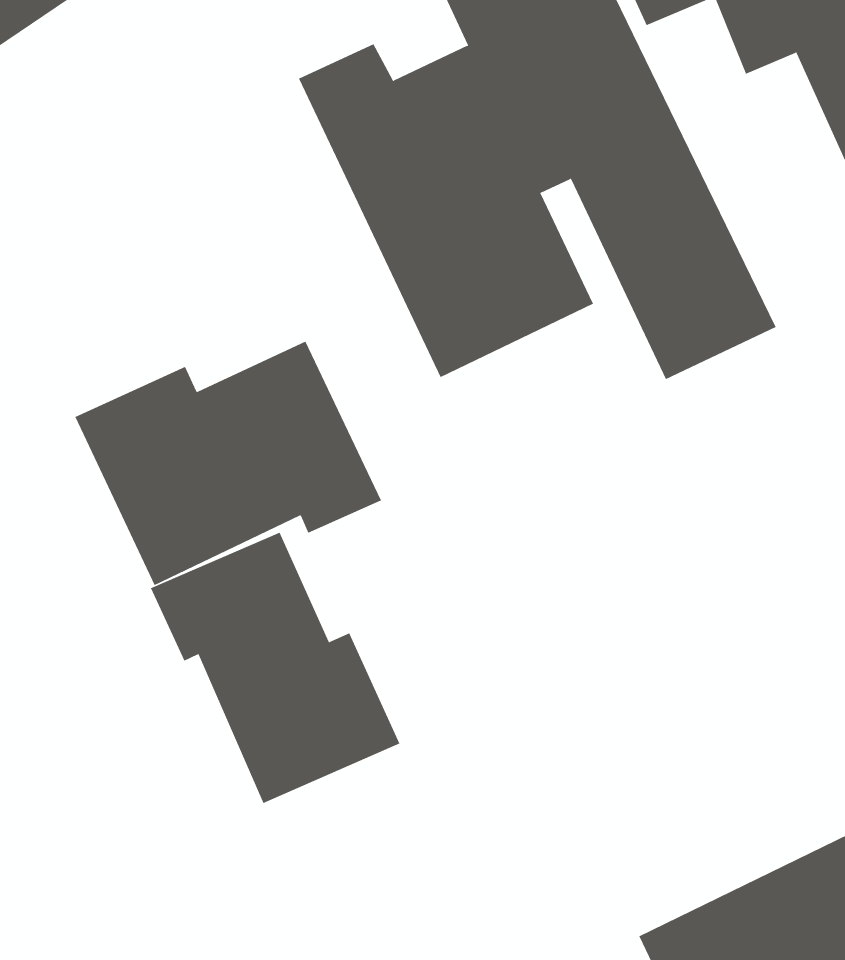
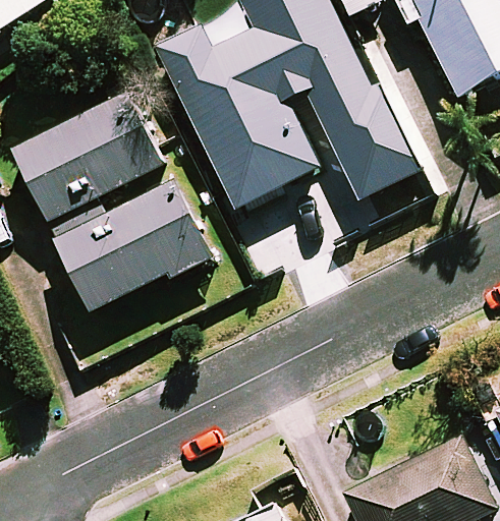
building: none -> [14,96,162,220]
building: [150,532,400,804] -> none

